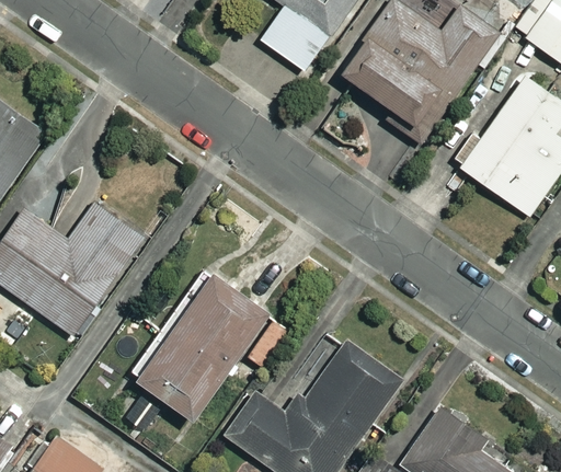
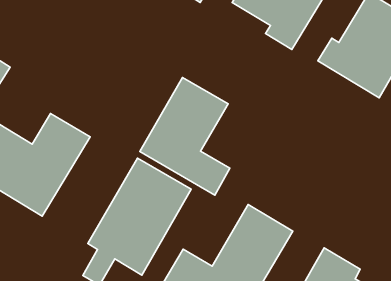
building: none -> [140,77,230,195]

